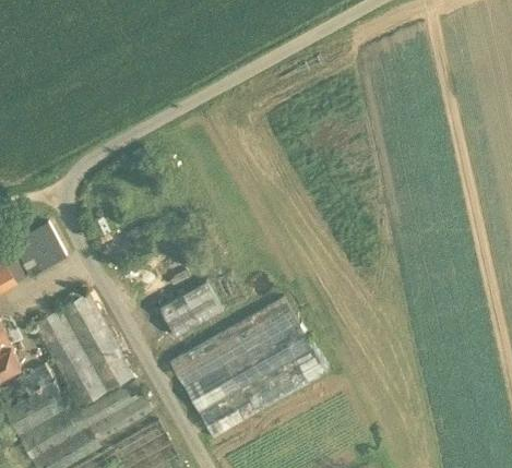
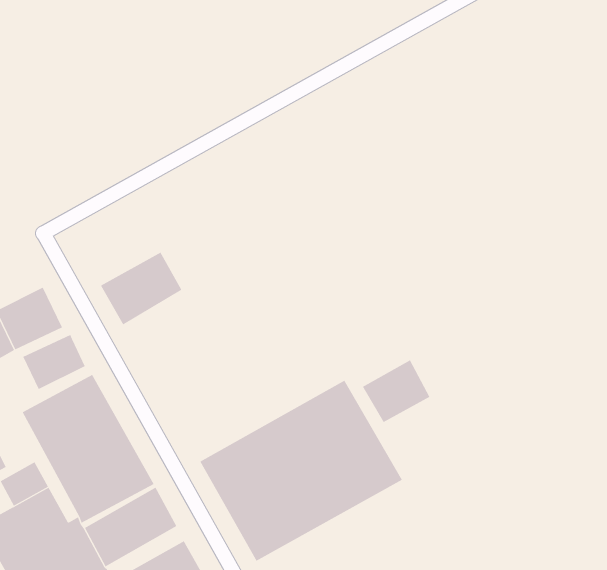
building: none -> [23,334,85,390]
building: [158,280,222,337] -> [100,252,182,325]
building: none -> [362,359,430,423]

